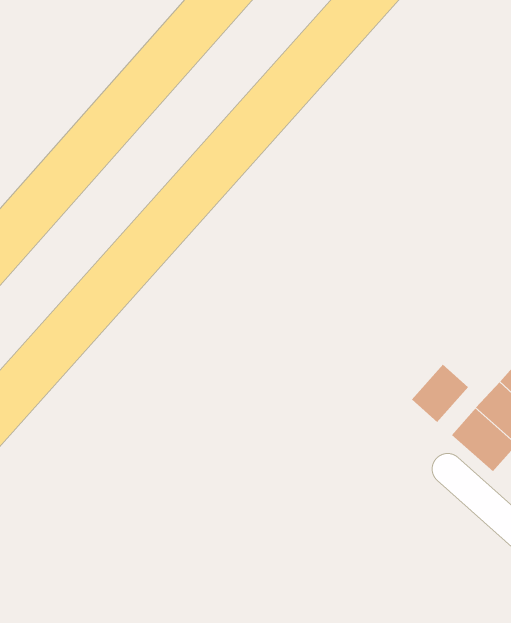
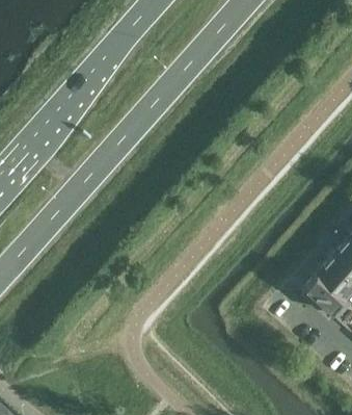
building: [411,364,469,423] -> none

